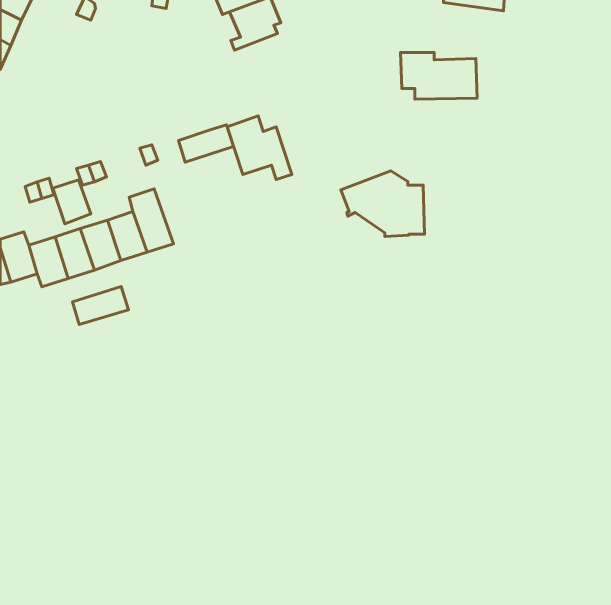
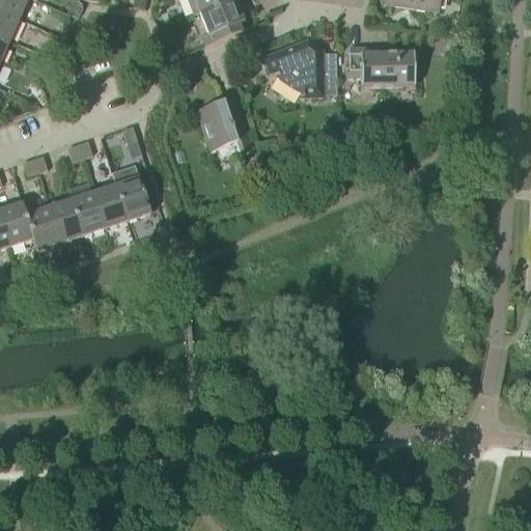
building: [178,125,234,162] -> none
building: [341,171,424,236] -> [263,38,336,95]
building: [53,180,91,224] -> none
building: [72,286,129,324] -> none

